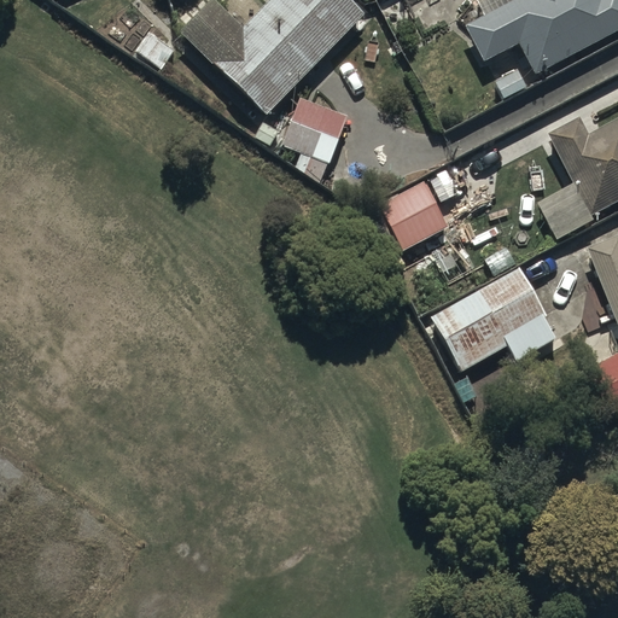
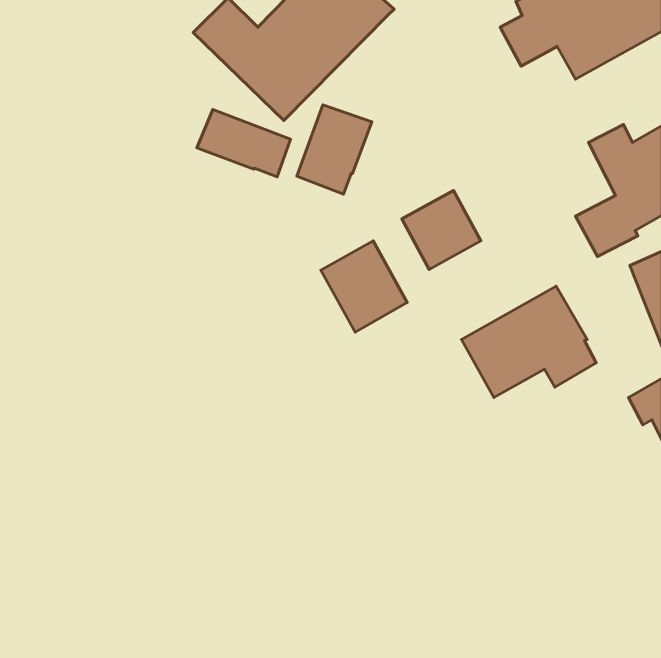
building: none -> [197,110,291,177]
building: none -> [321,241,407,332]

